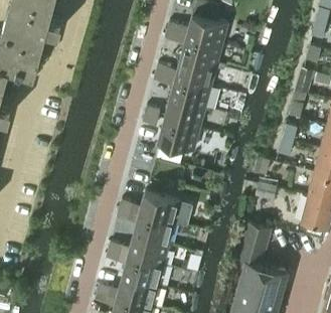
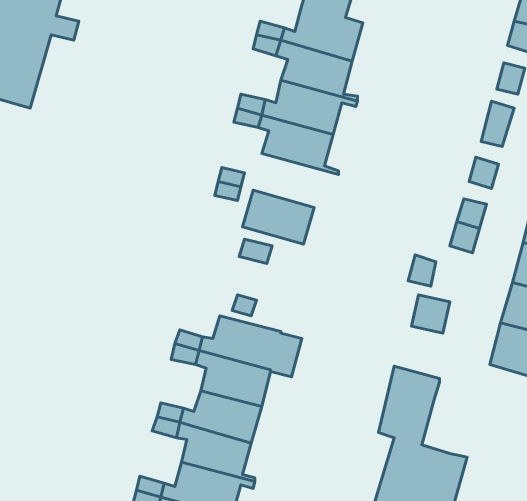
building: [164,99,213,130] -> none

